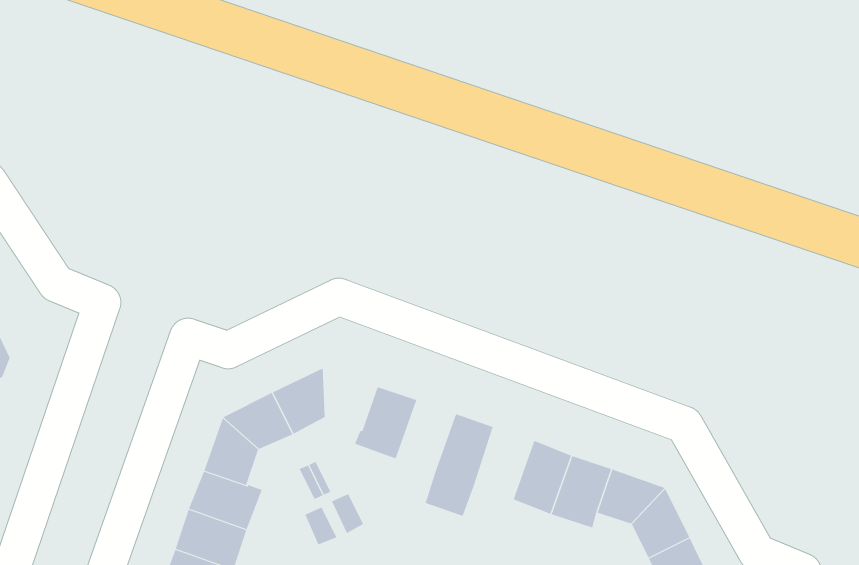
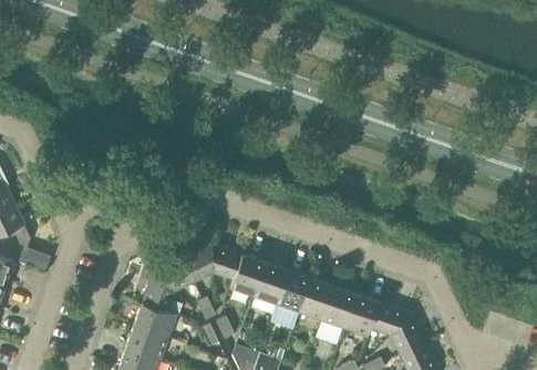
building: none -> [211,244,242,280]
building: none -> [254,263,288,305]
building: none -> [299,278,333,320]

